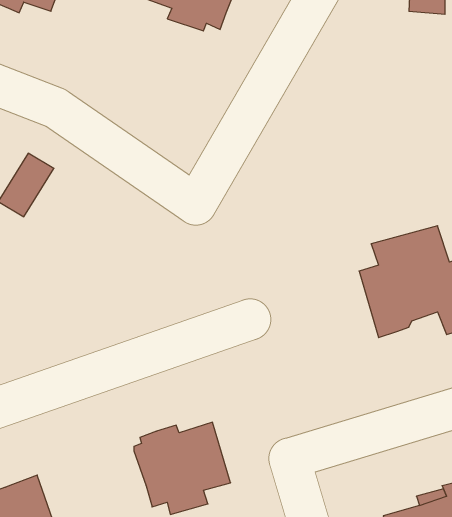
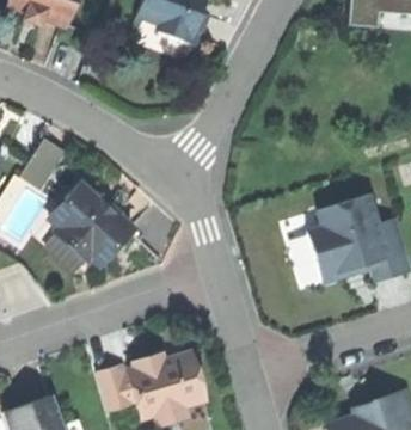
building: none -> [49,180,133,263]
building: none -> [96,366,137,411]

